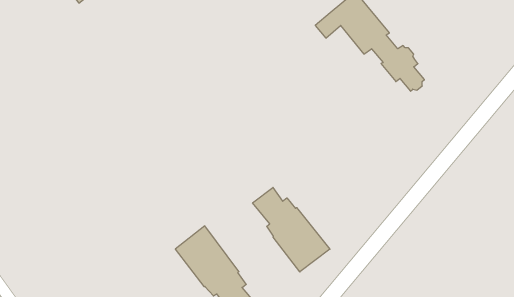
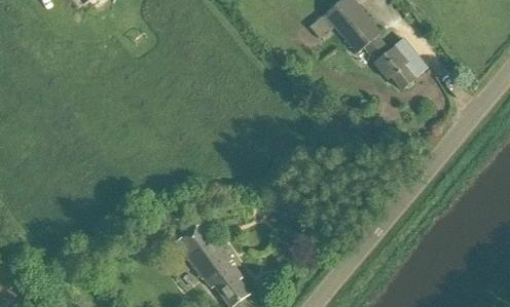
building: [253,187,330,272] -> none

